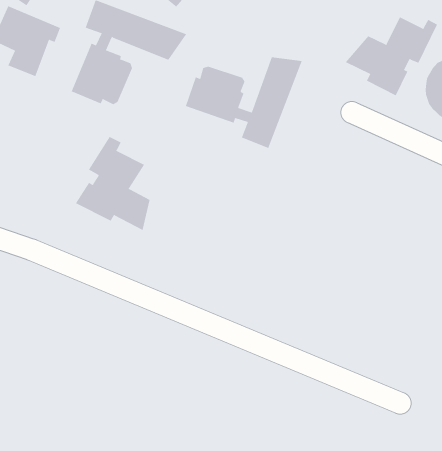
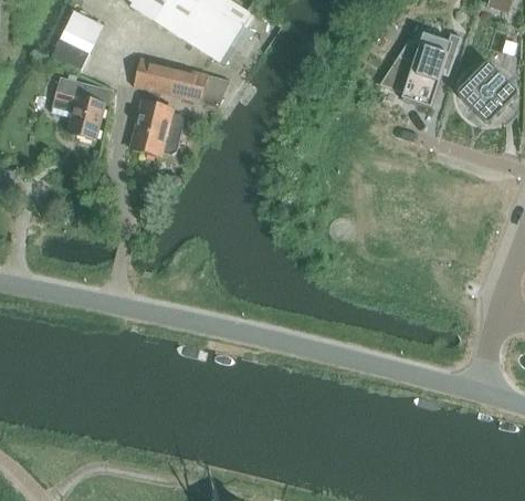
building: [185,57,302,149] -> none
building: [75,136,150,231] -> none

